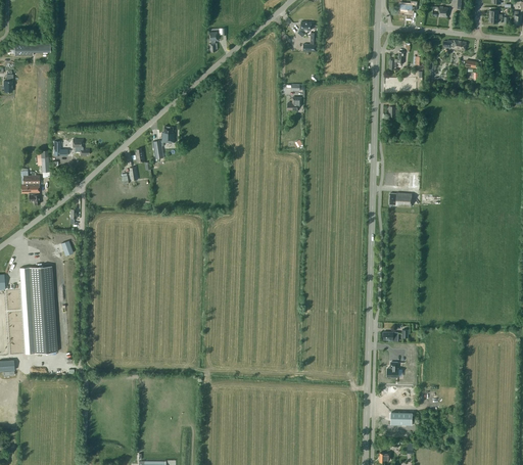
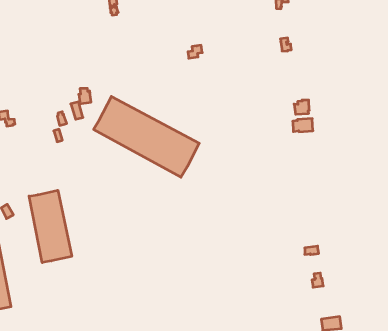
building: none -> [94,96,199,177]
building: none -> [29,190,72,263]

